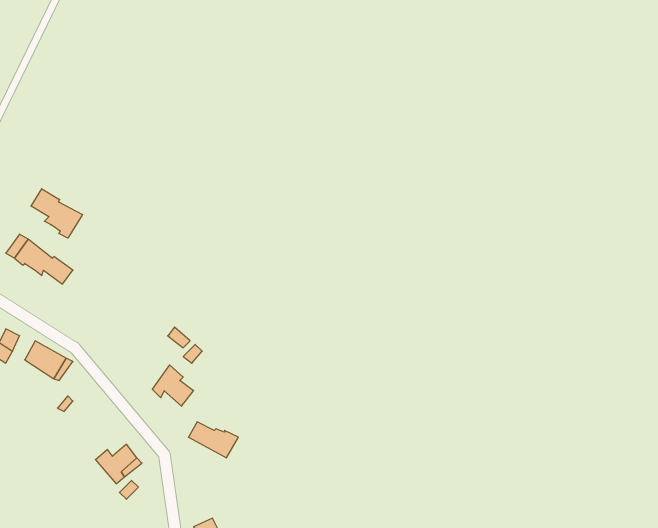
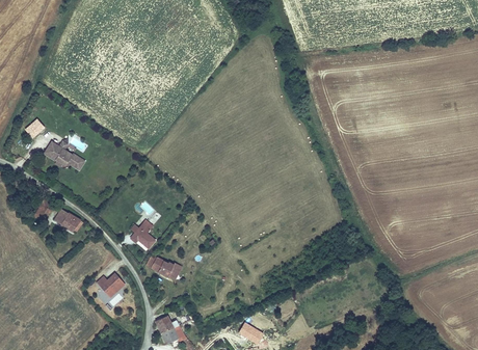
building: [31,189,82,238] -> none

